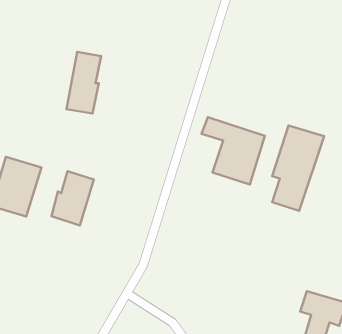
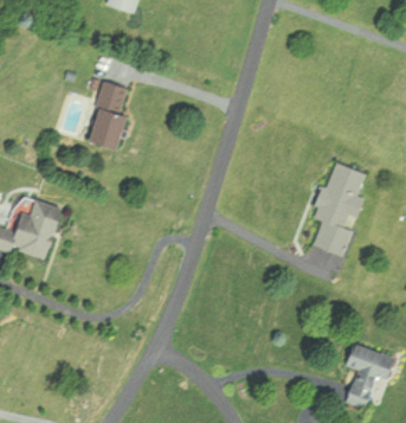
building: [201,117,265,185] -> none
building: [51,171,94,225] -> none

